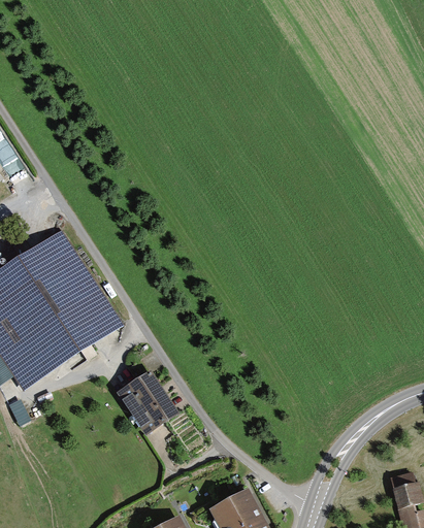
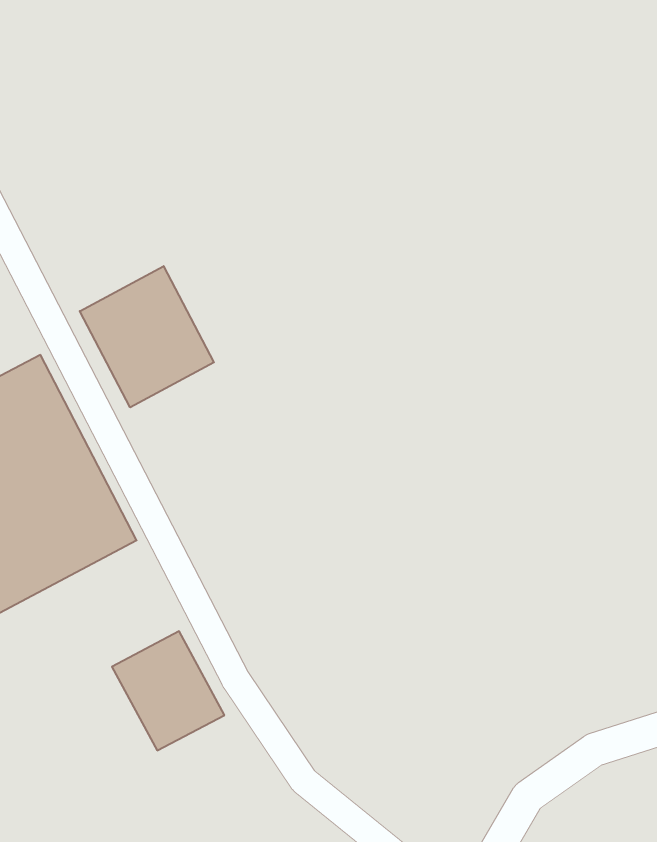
building: none -> [80,266,214,407]

